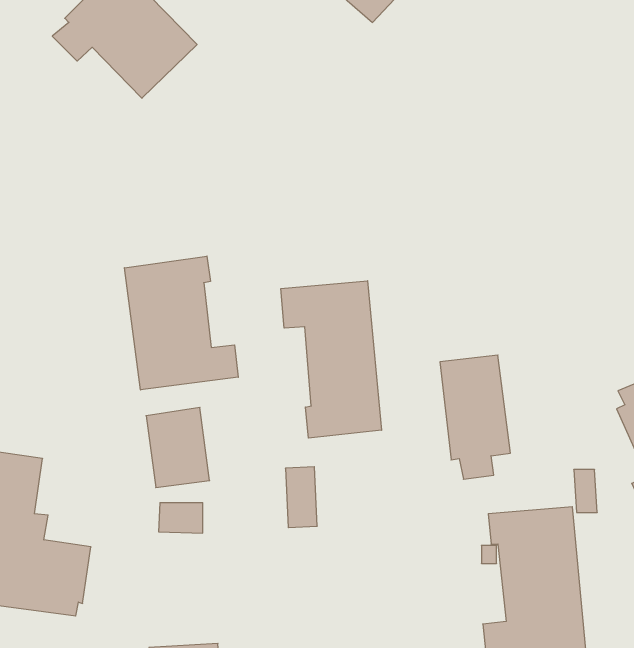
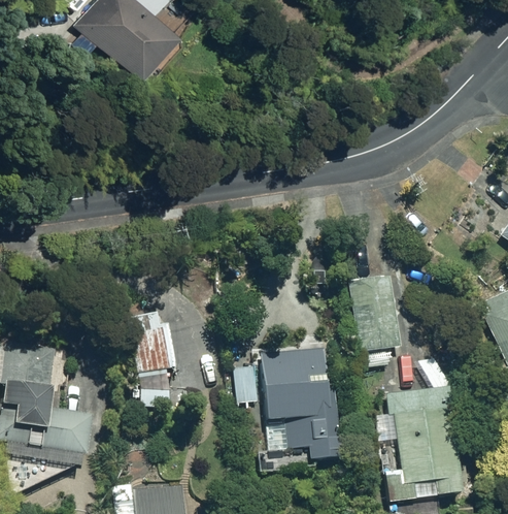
building: [124,256,238,390] -> none
building: [281,281,382,438] -> none
building: none -> [259,346,344,471]

